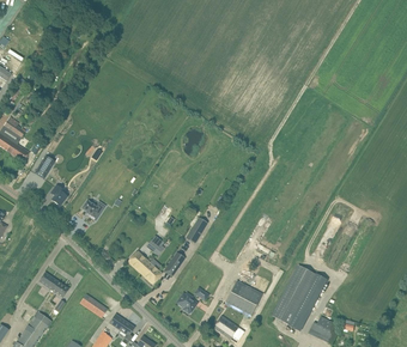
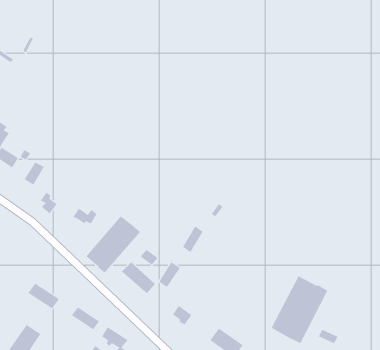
building: none -> [86,216,141,273]
building: [225,280,263,317] -> none

